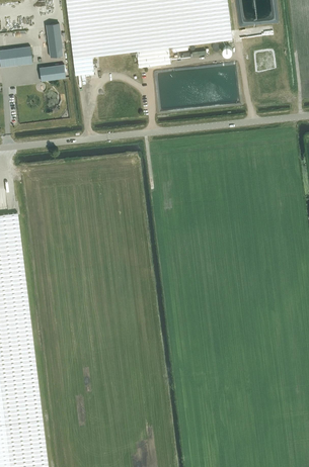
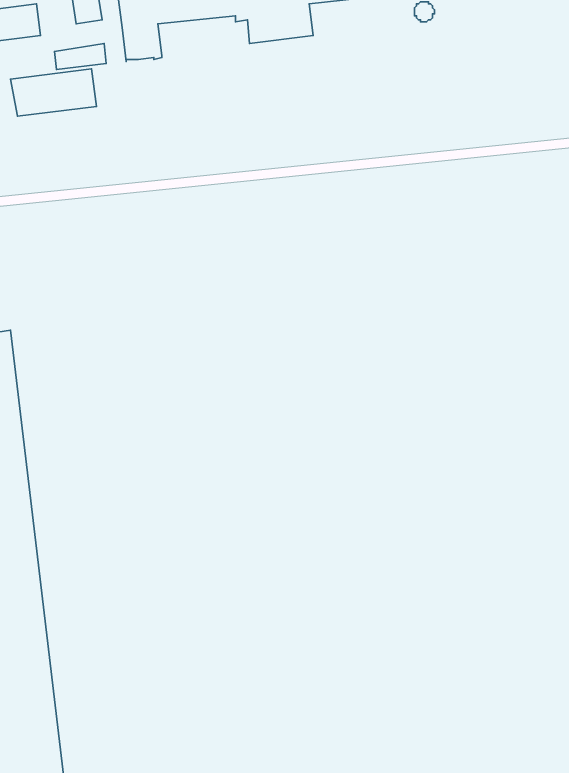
building: none -> [10,69,96,116]

